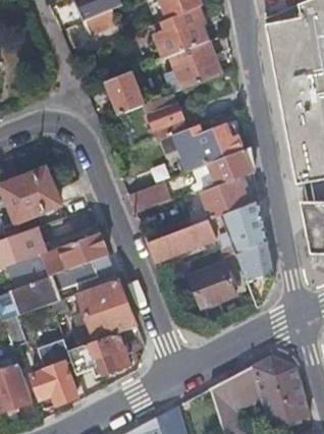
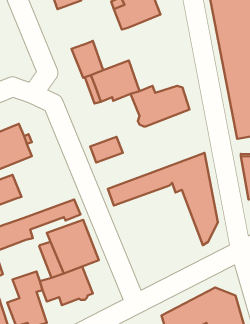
building: [163,40,221,93] -> none
building: [190,147,254,223] -> none
building: [41,232,108,275] -> none
building: [188,262,235,306] -> none

